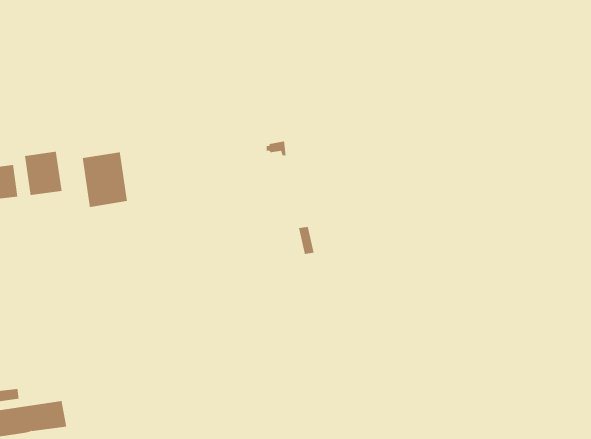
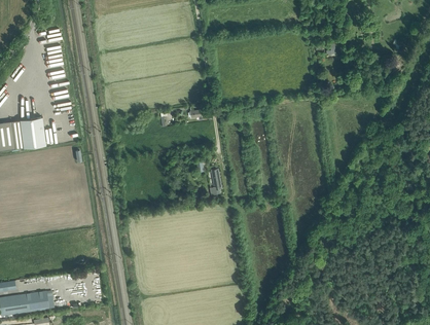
building: [82,151,128,208] -> none

